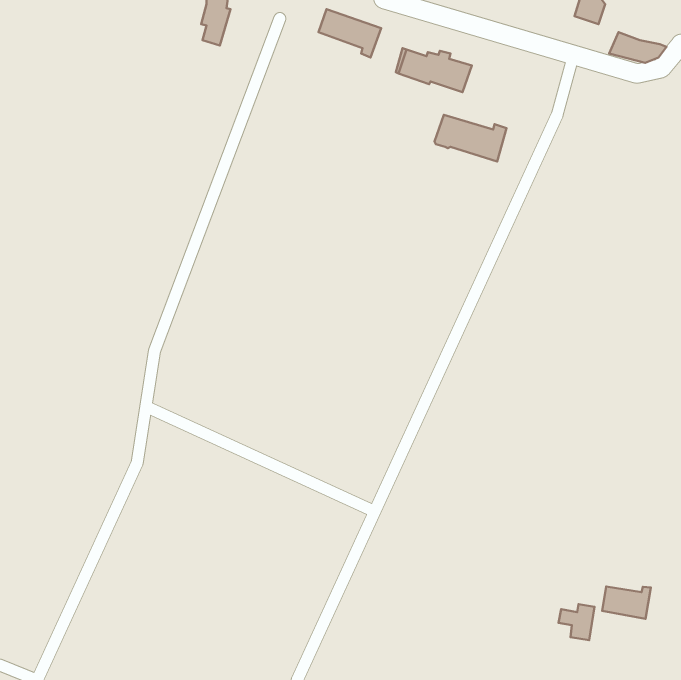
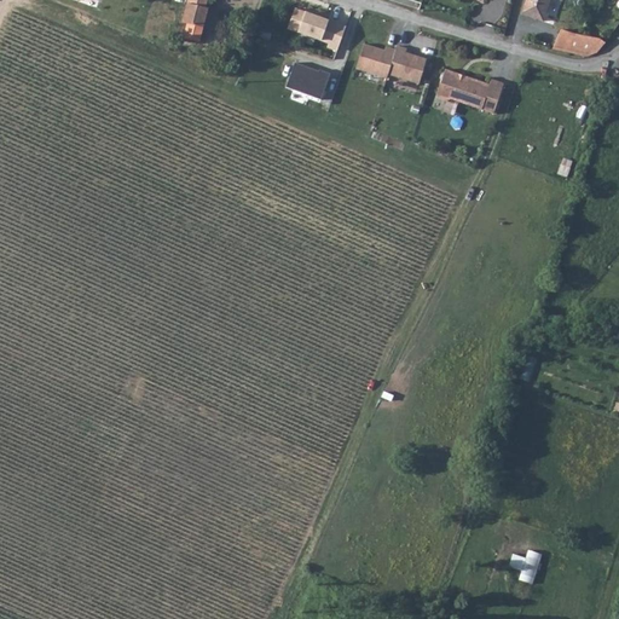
building: none -> [289,64,331,98]
building: [435,115,506,162] -> [438,68,503,110]
building: [602,586,651,619] -> none

